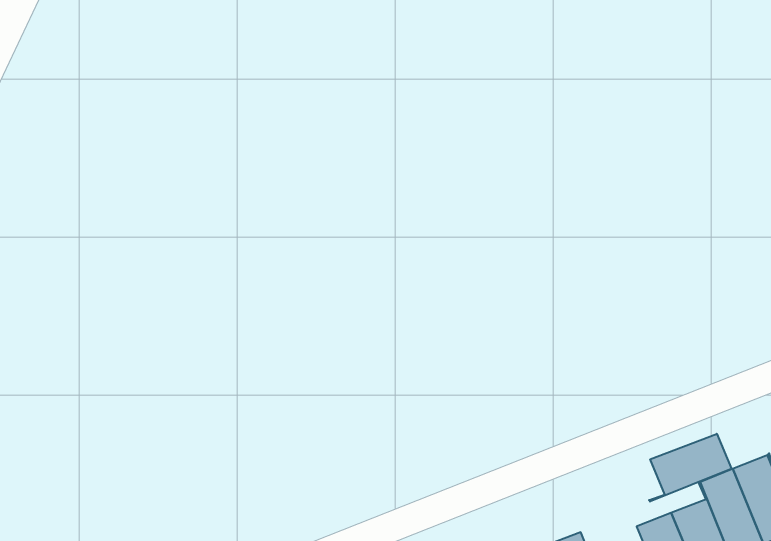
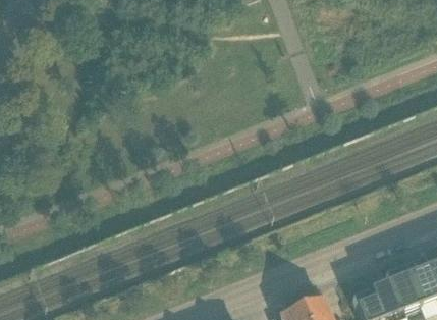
building: [649,434,731,502] -> none

